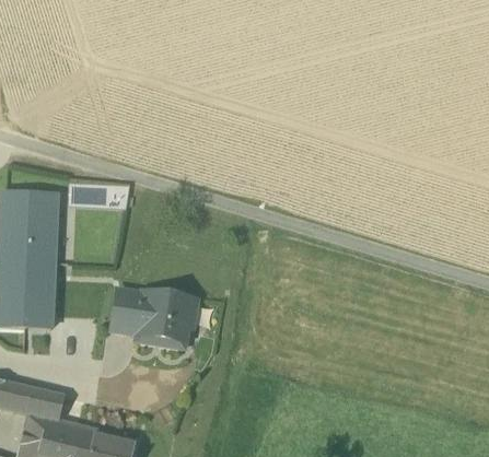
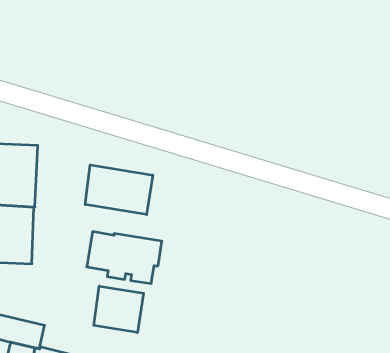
building: none -> [85,165,153,215]
building: none -> [94,286,144,333]

